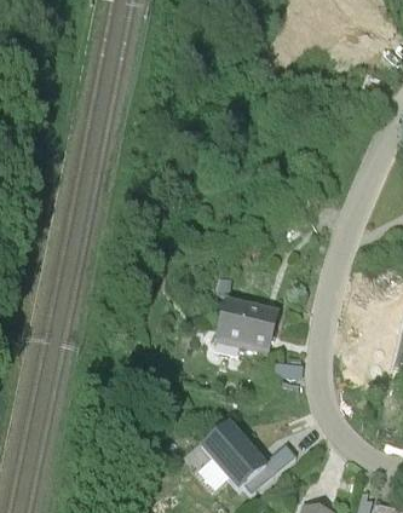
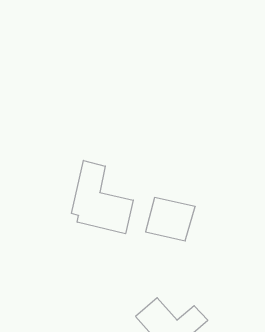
building: none -> [72,160,133,234]

